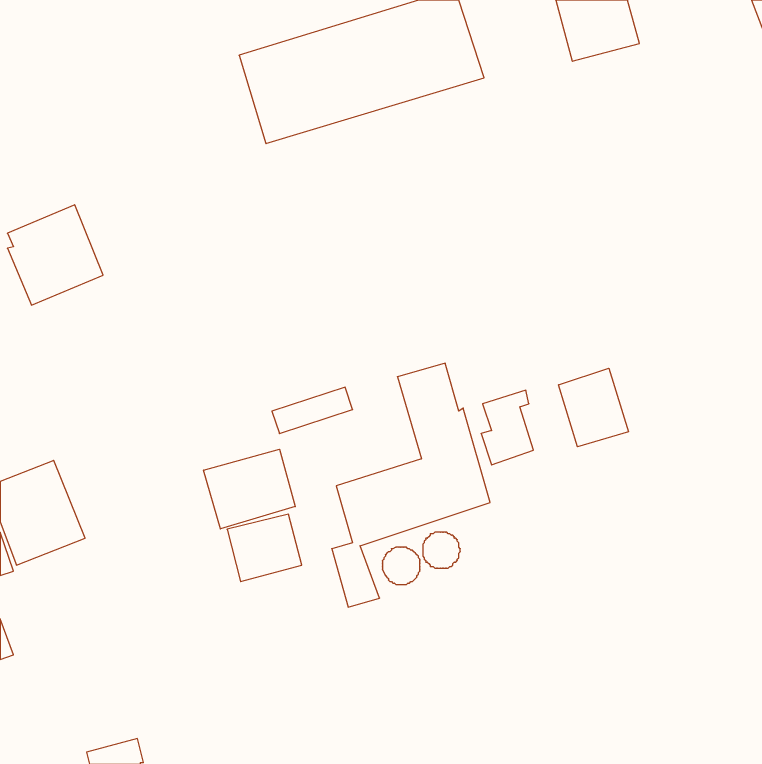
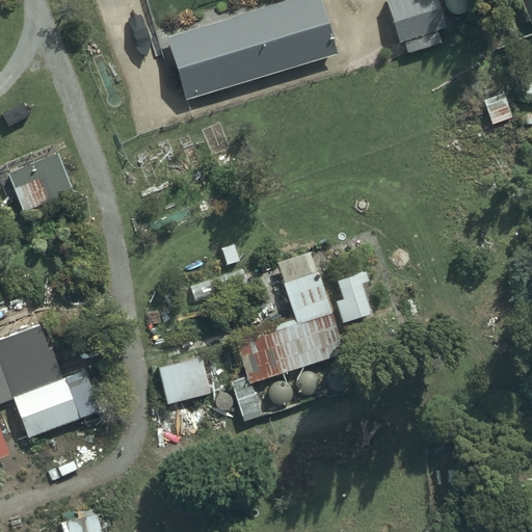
building: [559,368,628,447] -> none
building: [204,449,295,529] -> none
building: none -> [14,371,101,437]

